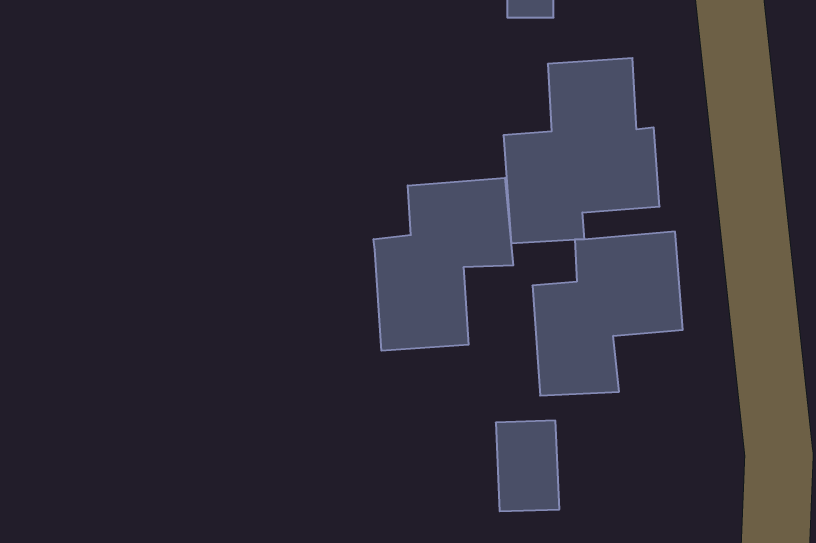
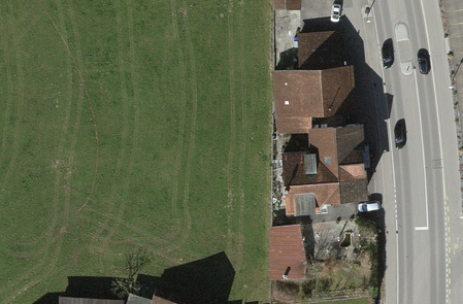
building: [374,178,513,351] -> none

